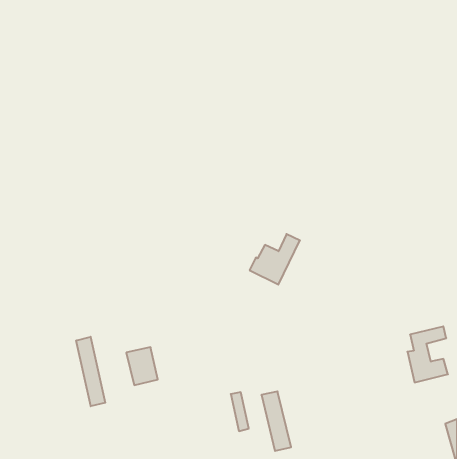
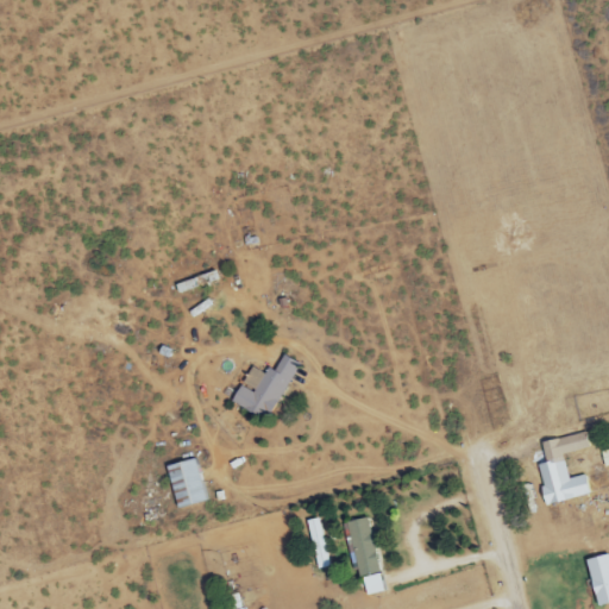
building: [250,234,300,285] -> [232,352,299,419]
building: [76,337,105,406] -> none

